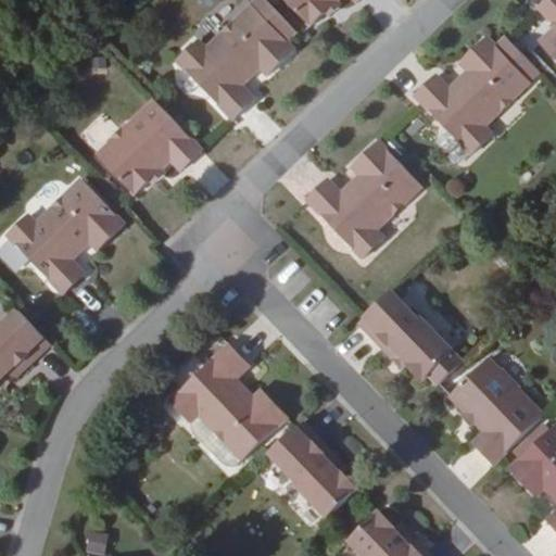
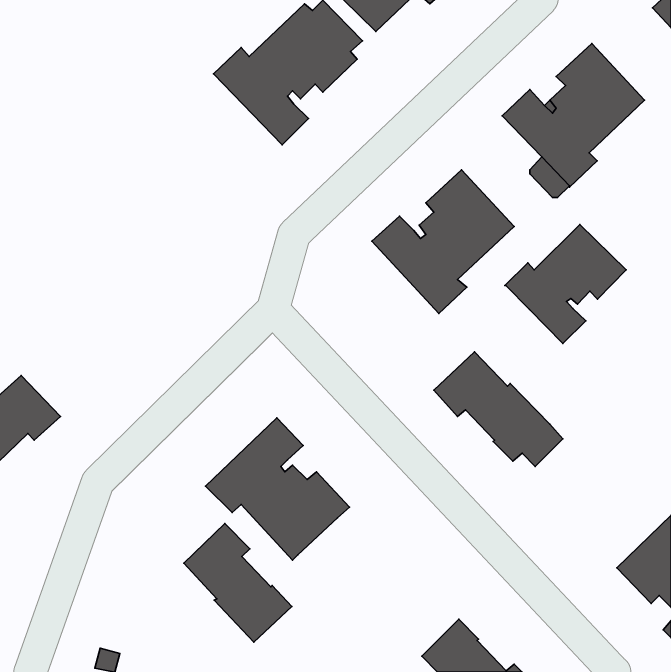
building: [94,99,202,194] -> none
building: [5,178,125,294] -> none
building: none -> [505,224,626,344]
building: [448,357,544,463] -> none
building: [267,420,356,518] -> [184,524,292,642]

